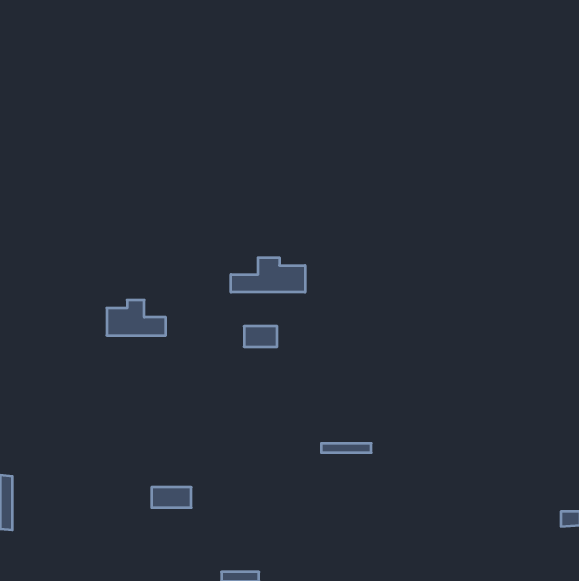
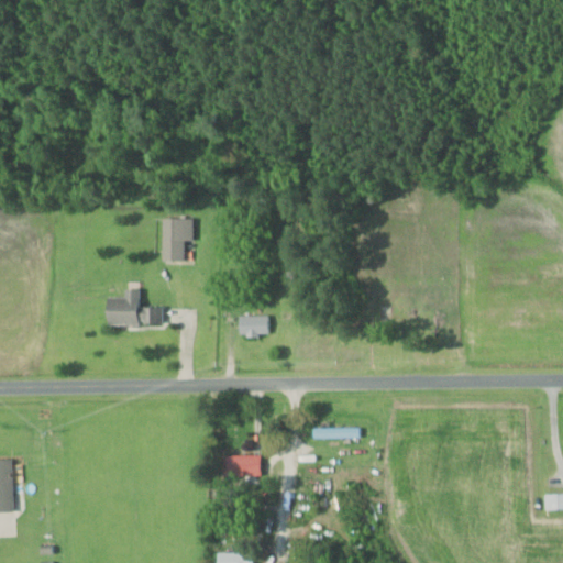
building: none -> [162,218,195,262]
building: [231,258,305,292] -> none
building: [152,487,191,508] -> [220,455,258,475]

